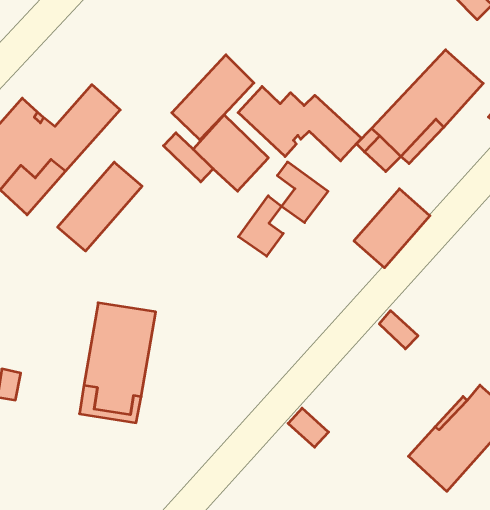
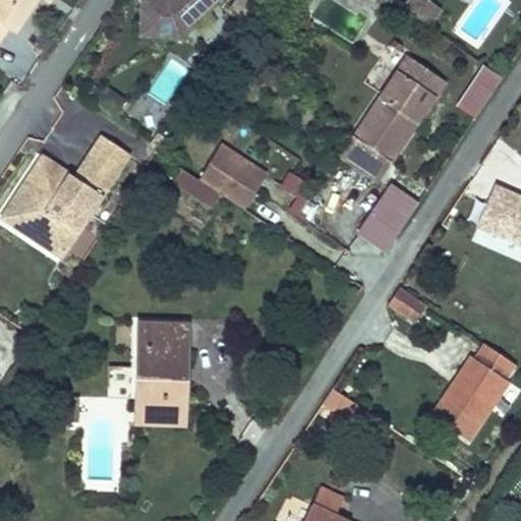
building: [172,55,254,140] -> none
building: [238,86,362,161] -> none
building: [58,162,142,251] -> none
building: [238,196,283,256] -> none

